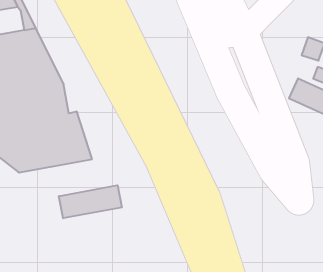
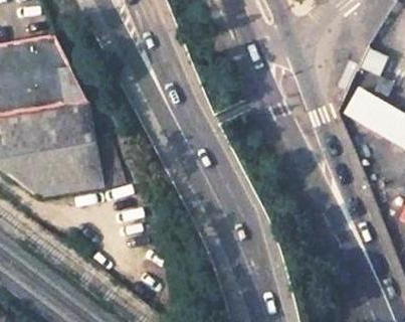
building: [59,185,122,218] -> none

